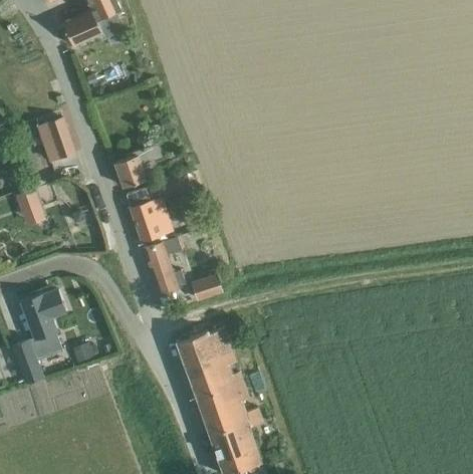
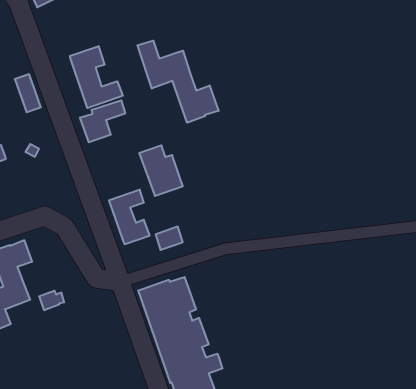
building: none -> [137,41,219,123]
building: none -> [70,46,123,108]
building: [127,188,172,240] -> [139,145,183,196]

